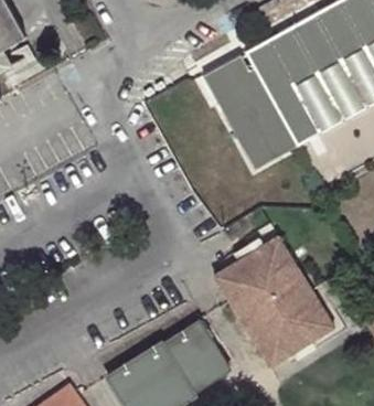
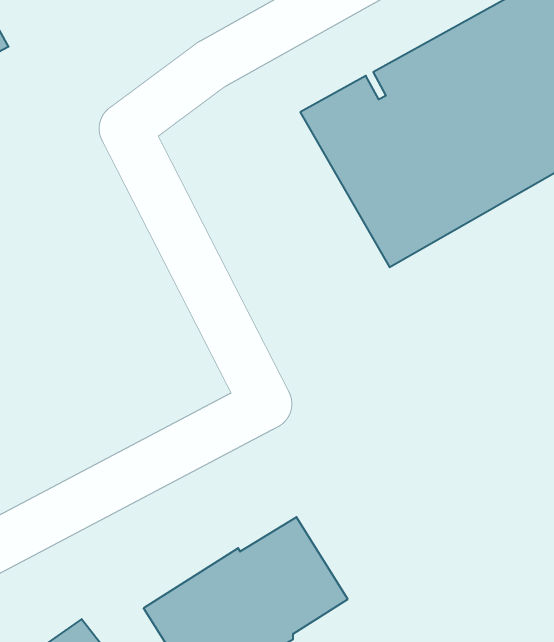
building: [214,237,334,367] -> none

